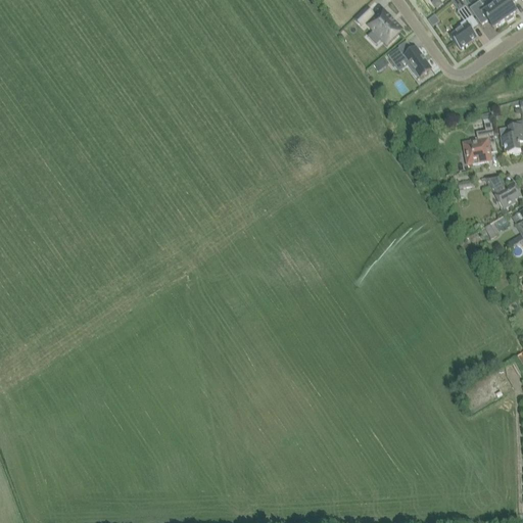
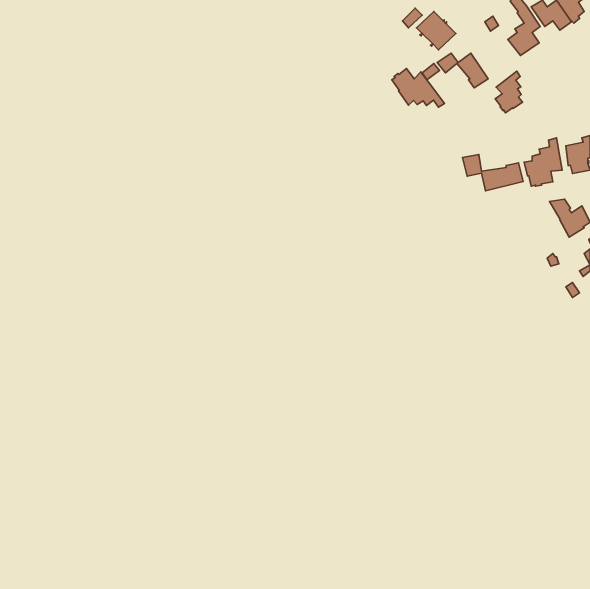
building: none -> [392,68,445,107]
building: none -> [495,71,523,113]
building: none -> [462,154,523,191]

